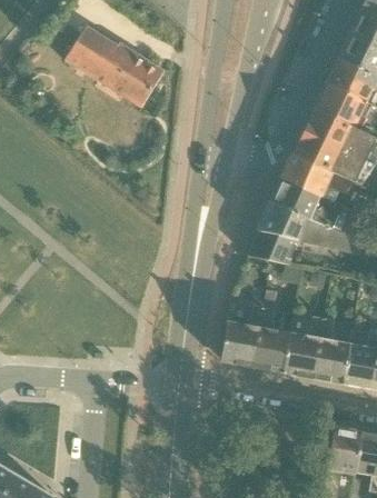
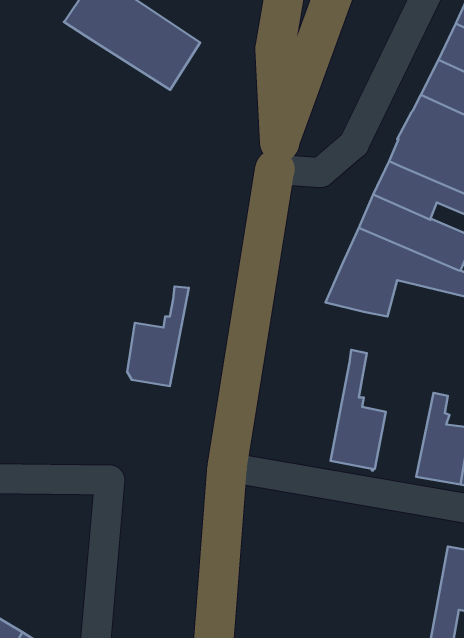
building: [221,296,265,366] -> [127,286,189,386]
building: [282,316,324,377] -> none

